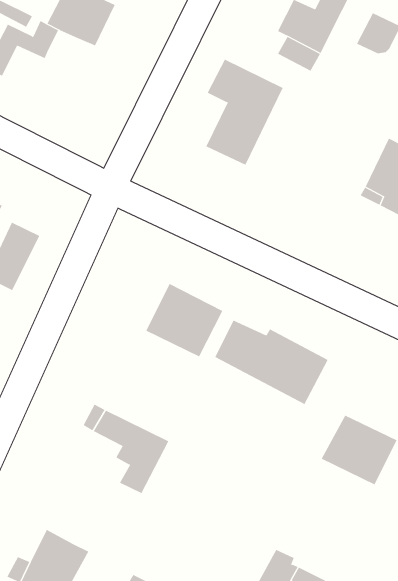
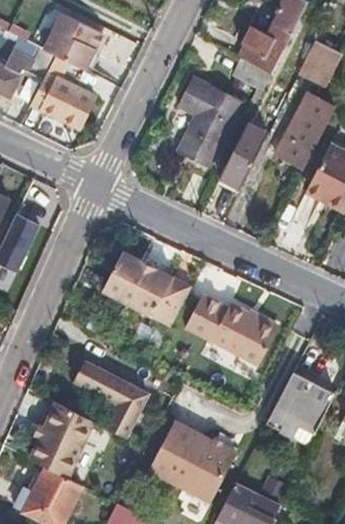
building: none -> [31,74,94,127]
building: none -> [283,107,322,168]
building: none -> [219,125,266,188]
building: none -> [102,252,146,304]
building: none -> [30,406,96,480]
building: none -> [149,422,234,500]

